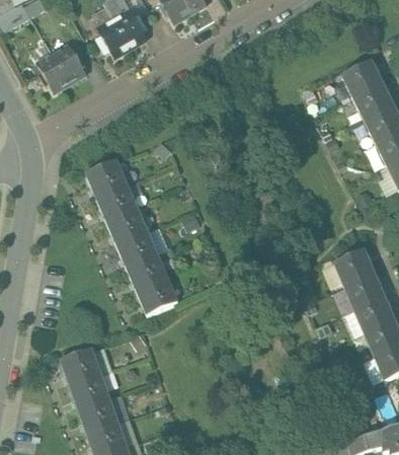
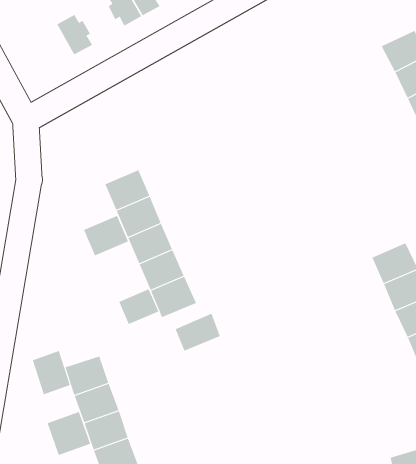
building: [37,55,69,91] -> none
building: [86,160,127,197] -> [83,215,129,256]
building: none -> [118,289,159,325]
building: none -> [175,313,220,352]
building: none -> [32,350,70,395]
building: none -> [47,411,91,456]

